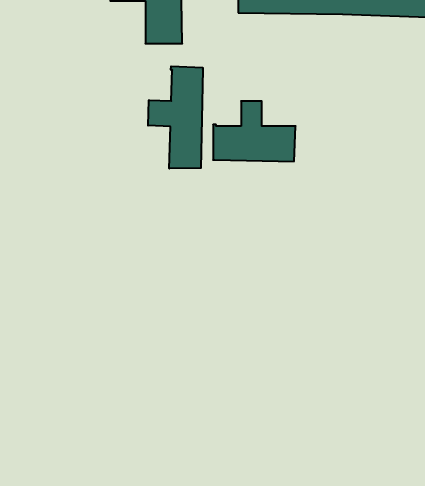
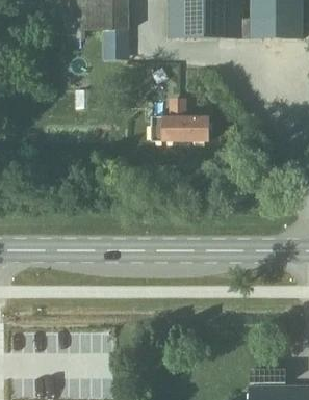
building: [148,66,203,169] -> none

